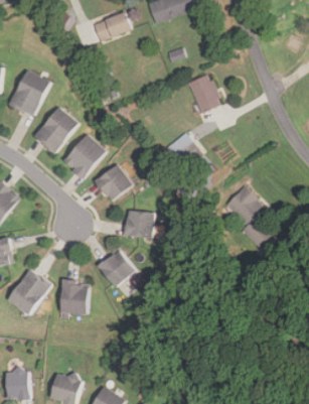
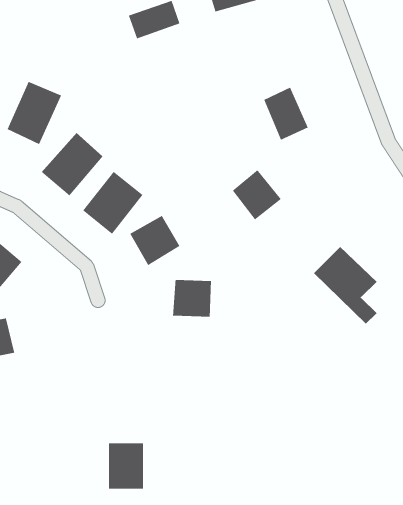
building: [99,250,135,285] -> none
building: [8,268,51,314] -> none
building: [61,280,87,313] -> [108,443,144,490]

